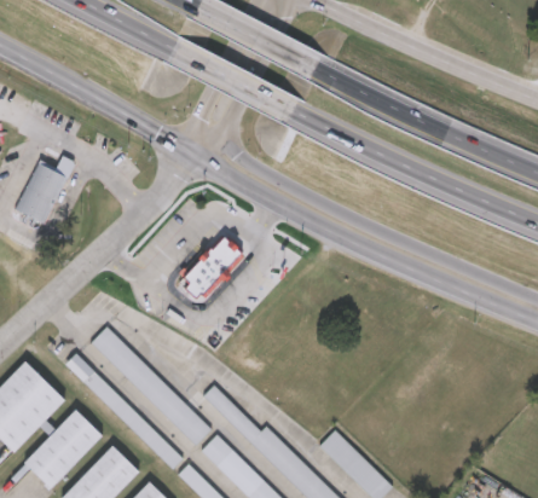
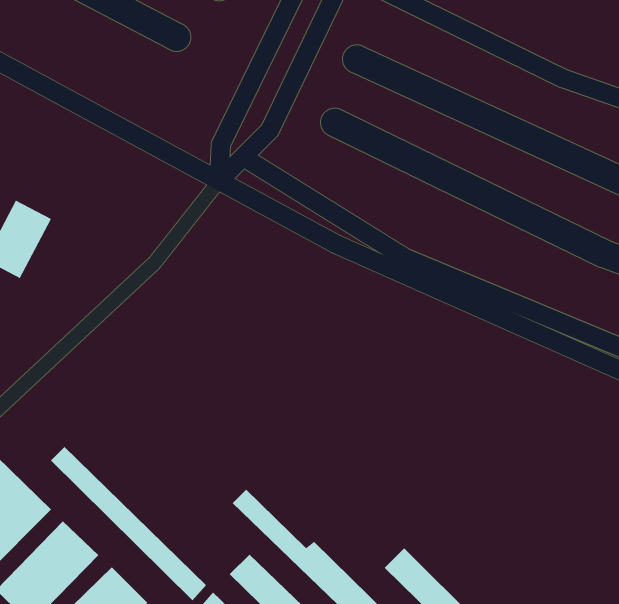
building: [181,236,242,297] -> none
building: [92,328,214,448] -> none

